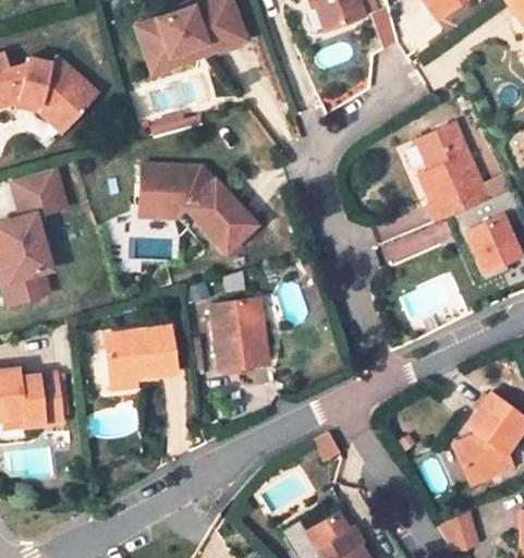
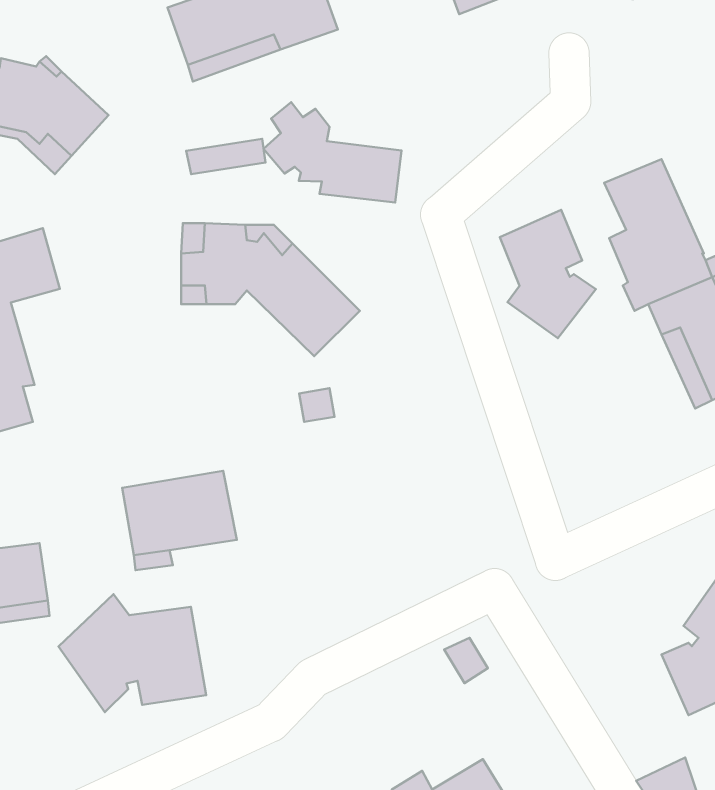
building: none -> [263,102,402,202]
building: none -> [500,210,596,338]
building: [211,298,266,371] -> none
building: none -> [59,594,206,712]

